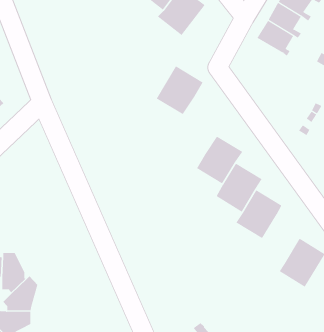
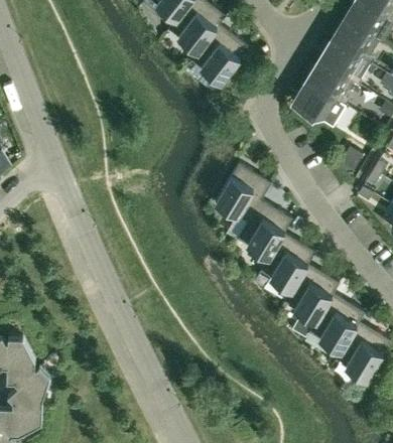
building: none -> [293,87,338,129]
building: [156,65,204,115] -> [213,165,269,224]
building: none -> [306,296,362,353]

